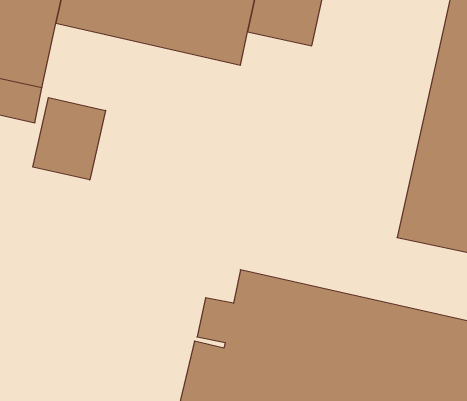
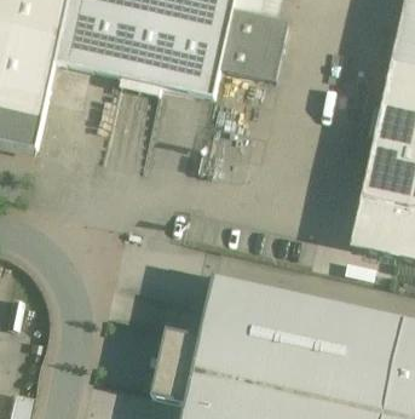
building: [33,98,106,180] -> none

